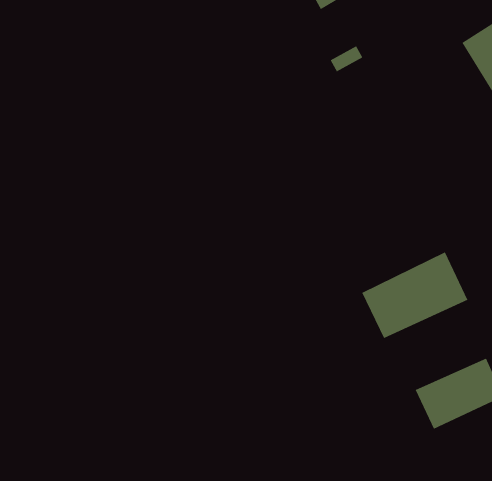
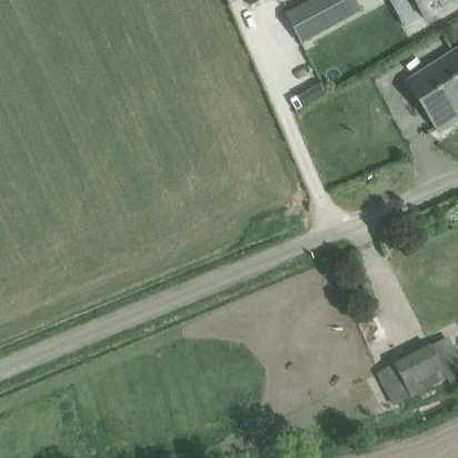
building: [361,251,468,339] -> none

